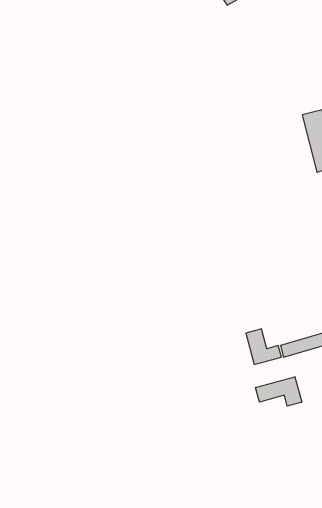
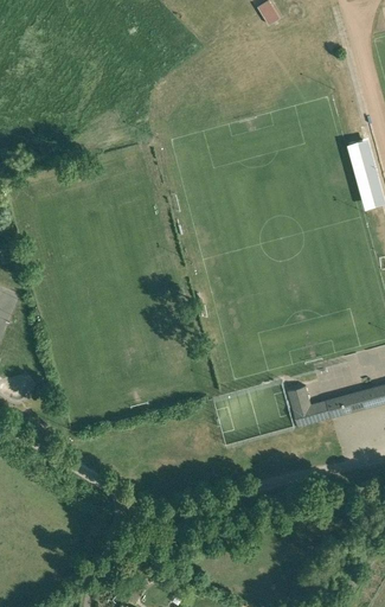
building: [256,377,302,406] -> none

